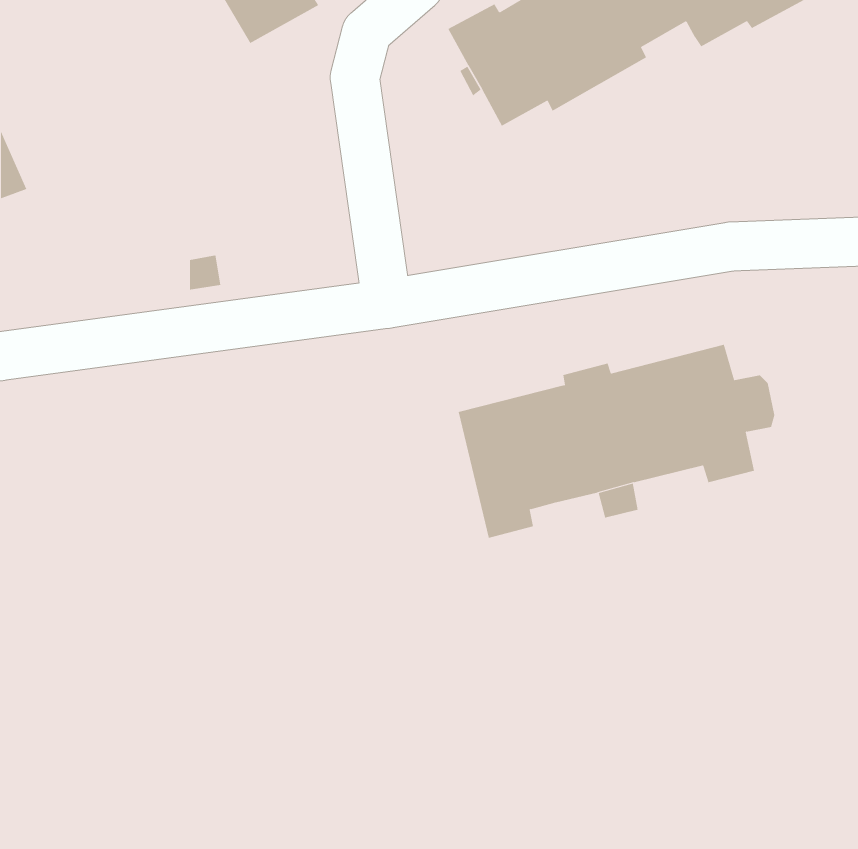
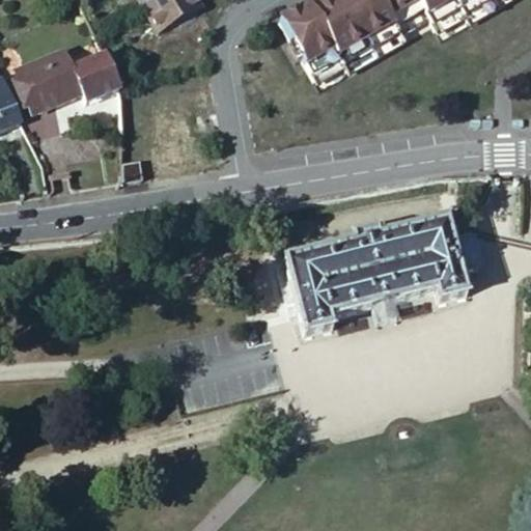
building: none -> [21,48,118,109]

